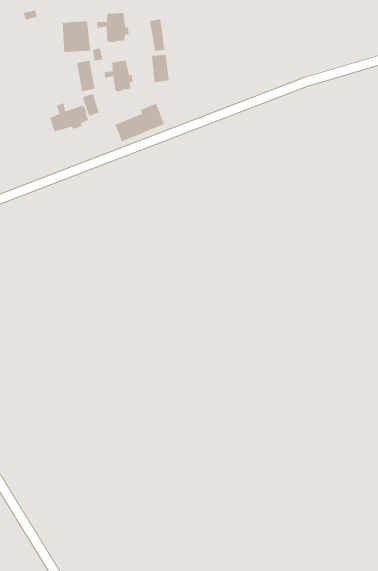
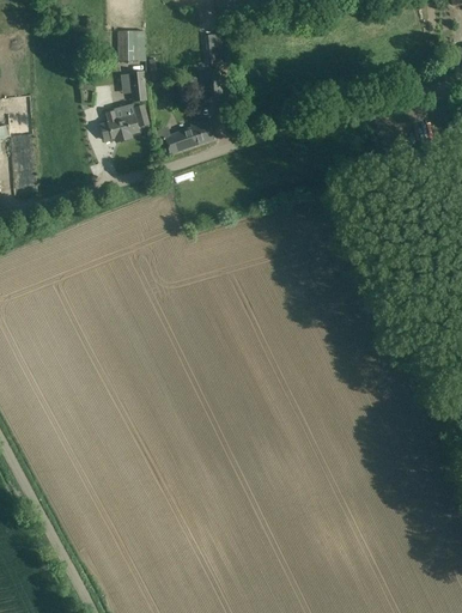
building: [97,12,129,43] -> none
building: [104,60,133,92] -> none

